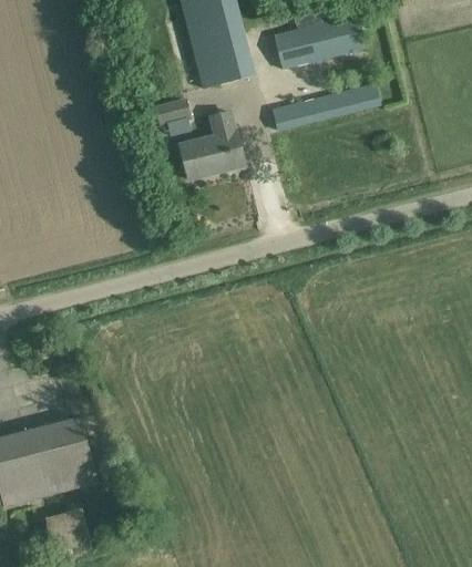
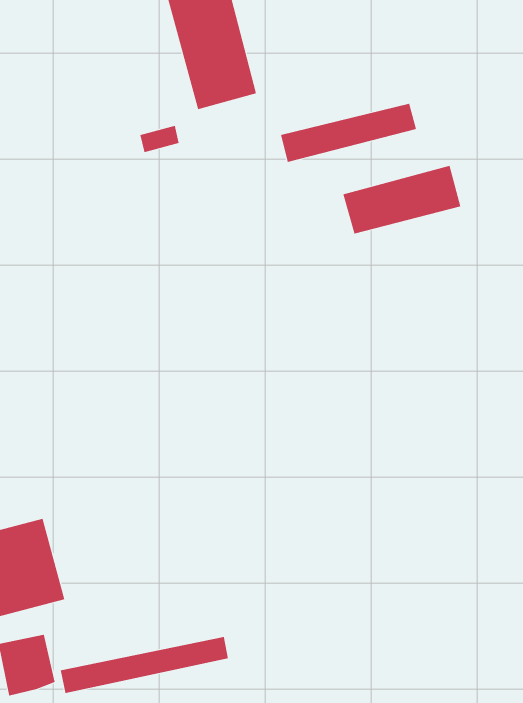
building: [271,13,367,69] -> [343,165,461,234]
building: [178,112,244,179] -> none
building: none -> [60,636,228,694]

